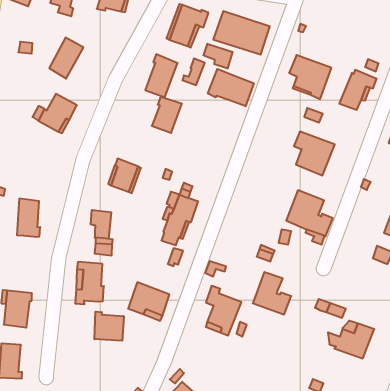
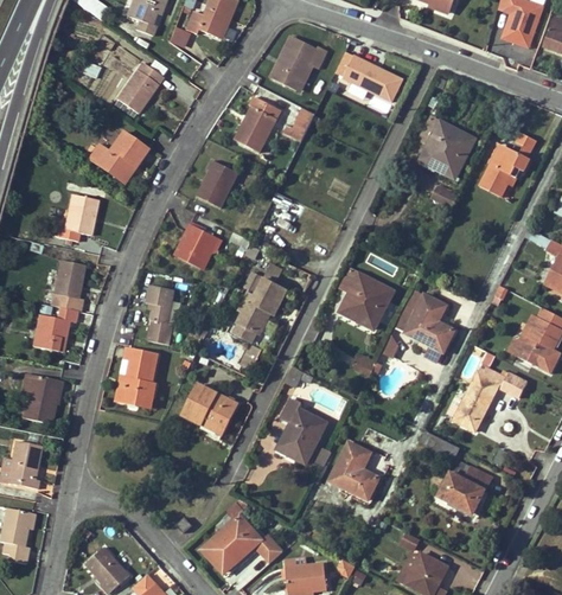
building: [203,44,232,68] -> none
building: [208,69,254,106] -> none
building: [152,97,182,133] -> [197,160,238,207]
building: [294,132,335,176] -> [341,269,394,328]
building: none -> [57,194,98,242]
building: none -> [34,307,77,351]
building: none -> [454,371,499,430]
building: [253,272,291,315] -> [331,442,381,499]
building: [94,312,124,341] -> none

